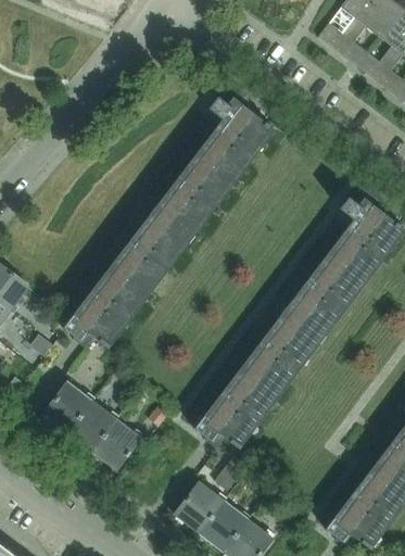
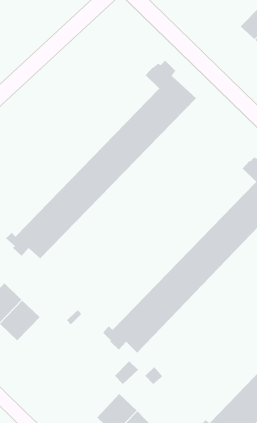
building: [90,417,139,468] -> none
building: [173,480,222,531] -> none

